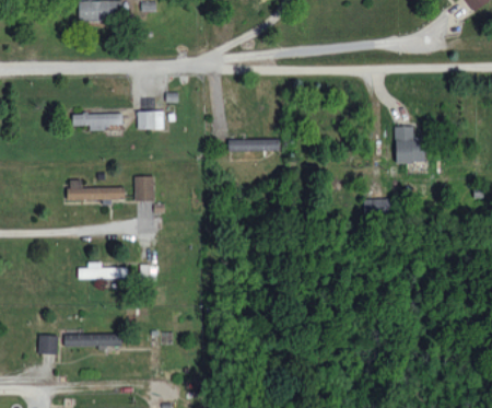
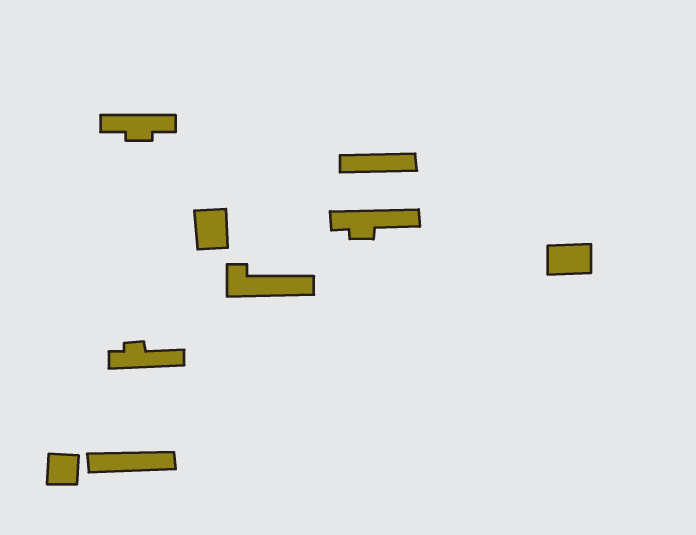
building: [137,110,163,129] -> none
building: [395,126,424,163] -> none
building: none -> [330,209,420,239]
building: [68,179,125,200] -> [227,264,314,296]

